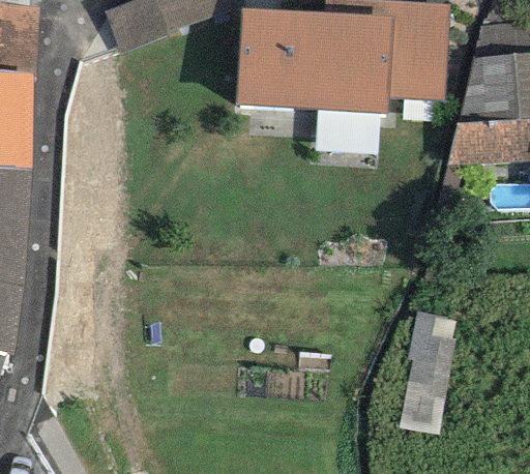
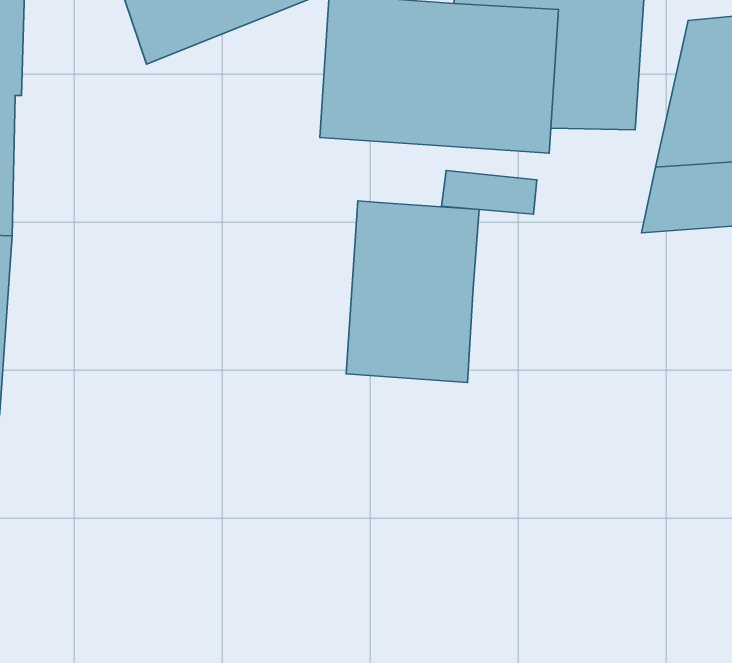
building: none -> [346,201,479,383]
building: [399,313,458,435] -> none

